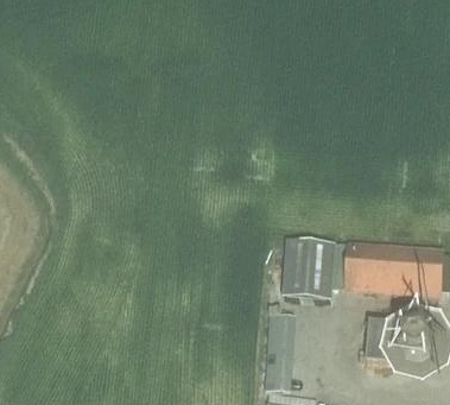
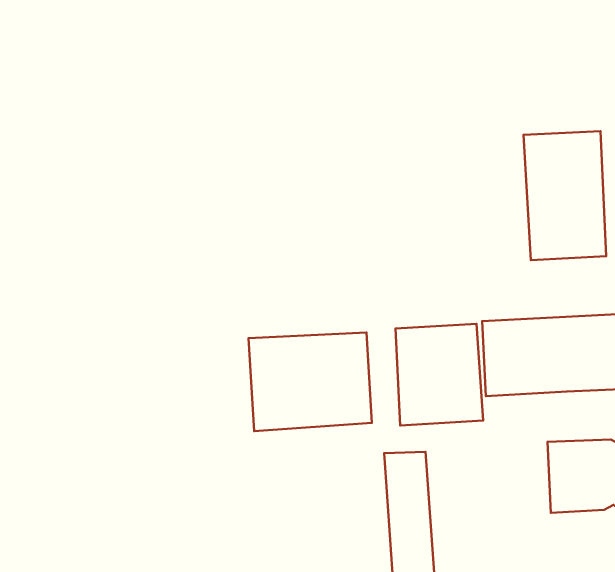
building: none -> [523,131,606,260]
building: none -> [249,332,372,431]

